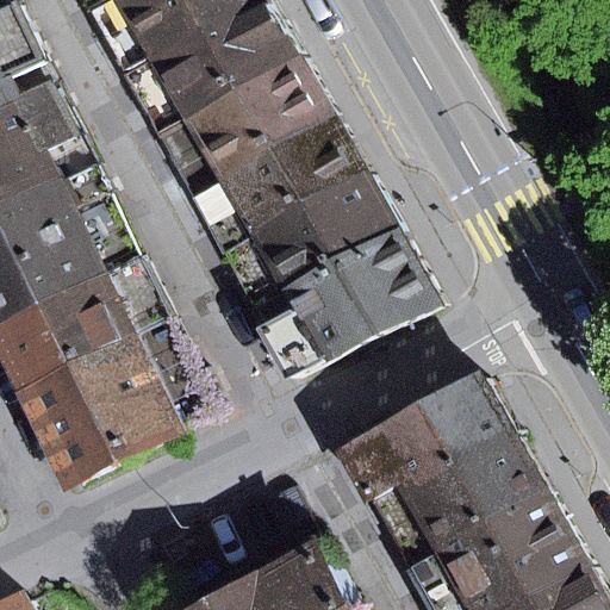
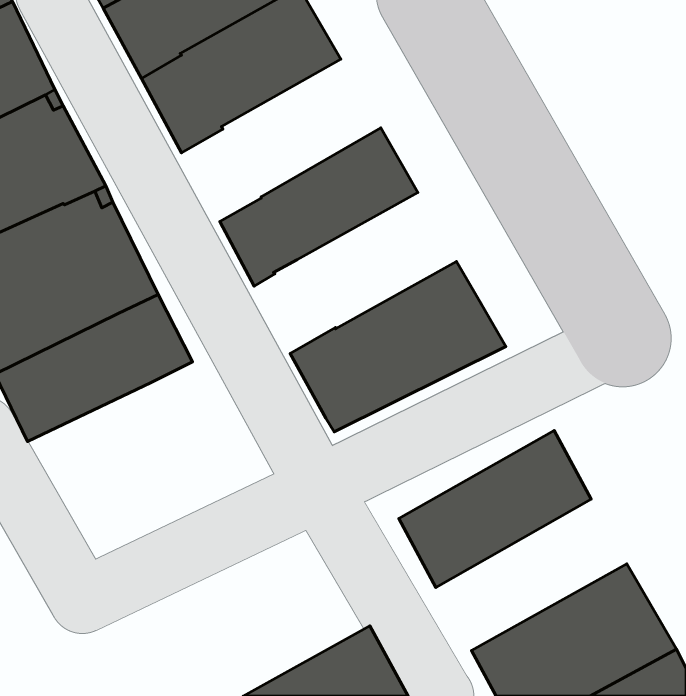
building: [157,51,330,192] -> none
building: [220,167,396,306] -> none
building: [24,313,214,478] -> none
building: [378,432,543,564] -> none

